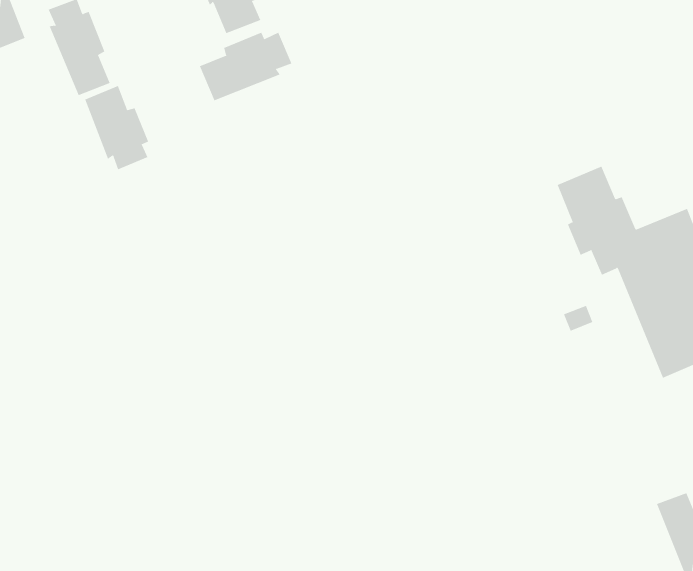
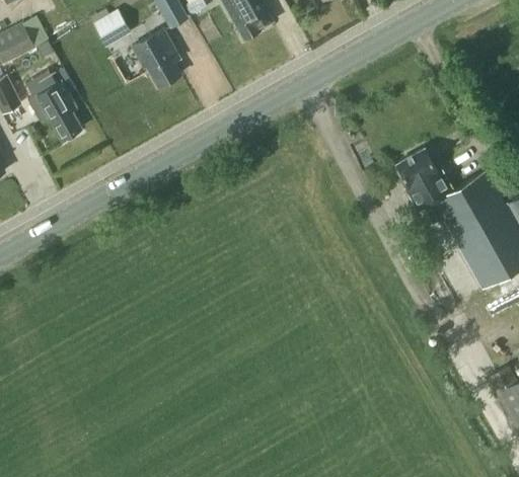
building: [199,32,292,101] -> none
building: [84,85,149,170] -> none

